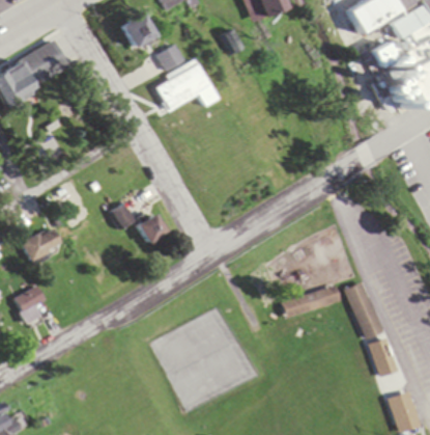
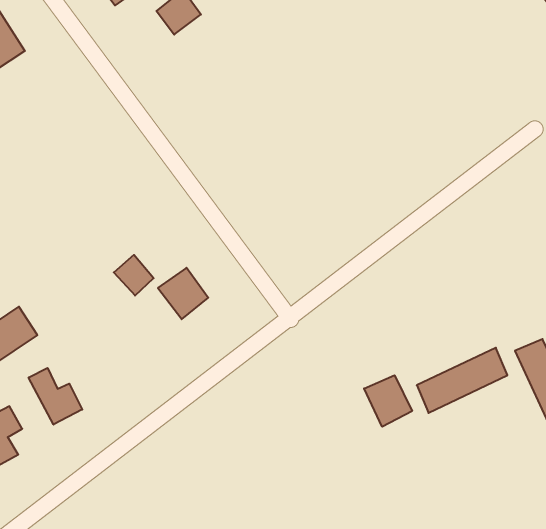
building: [152,60,207,111] -> none
building: none -> [29,368,82,425]
building: none -> [364,375,412,427]

